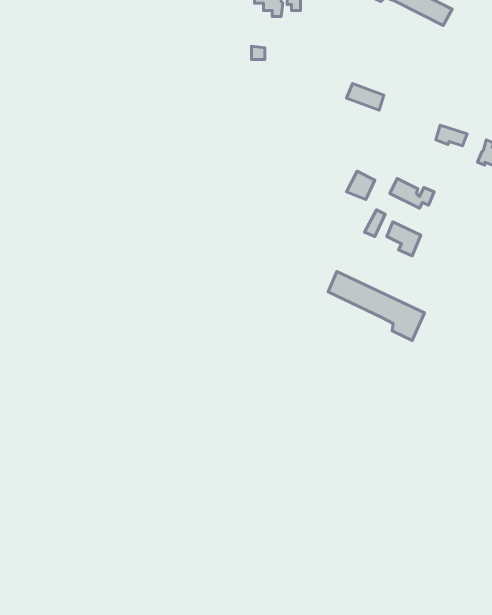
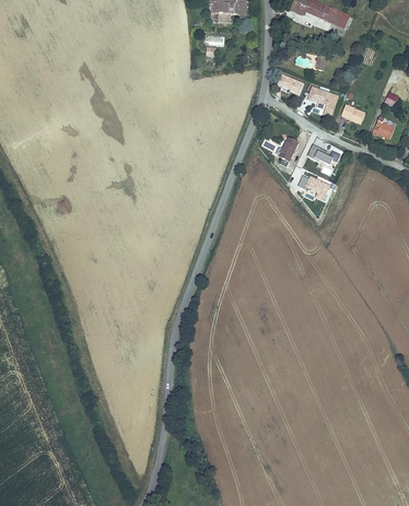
building: none -> [307,85,340,118]
building: [328,271,424,340] -> none

